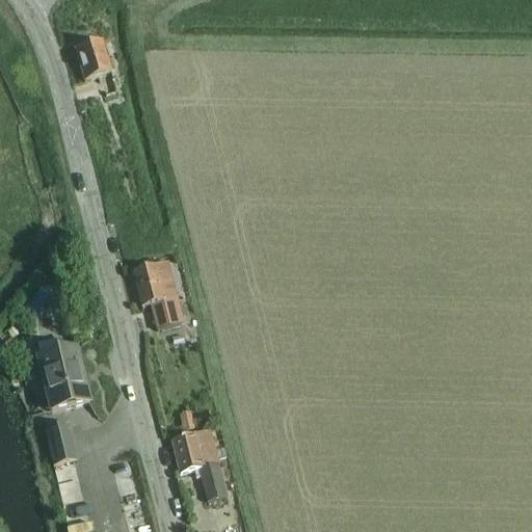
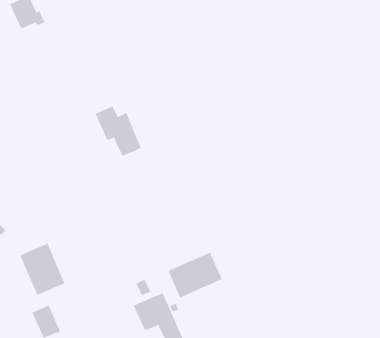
building: [131,261,182,324] -> [95,106,142,156]
building: none -> [168,252,223,298]

